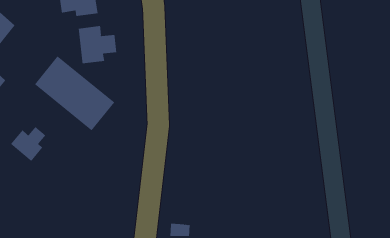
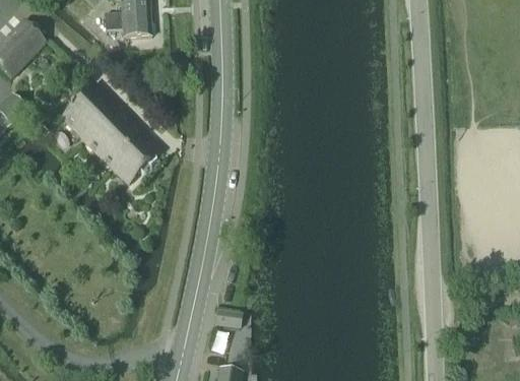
building: [78,25,117,64] -> none
building: [10,126,46,162] -> none

